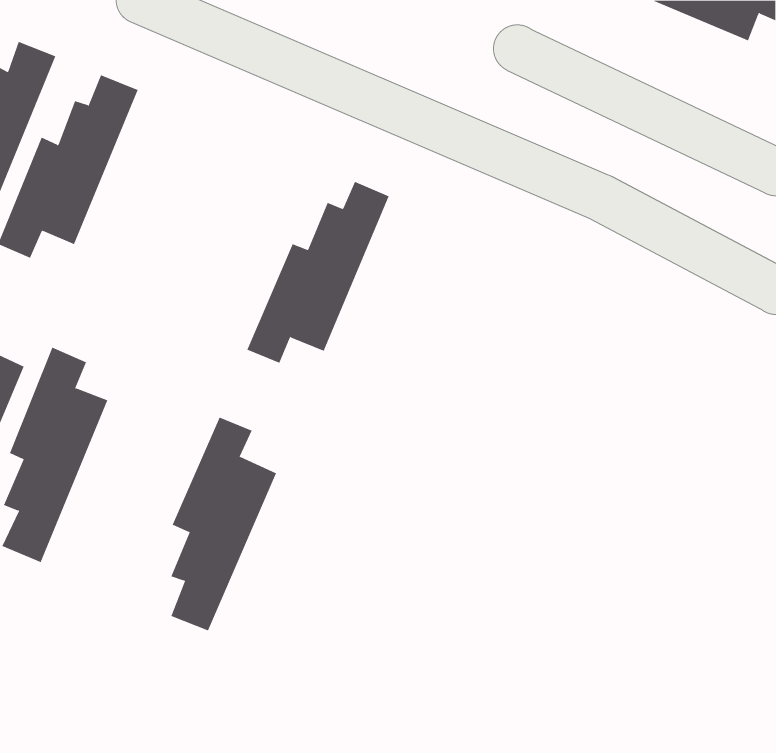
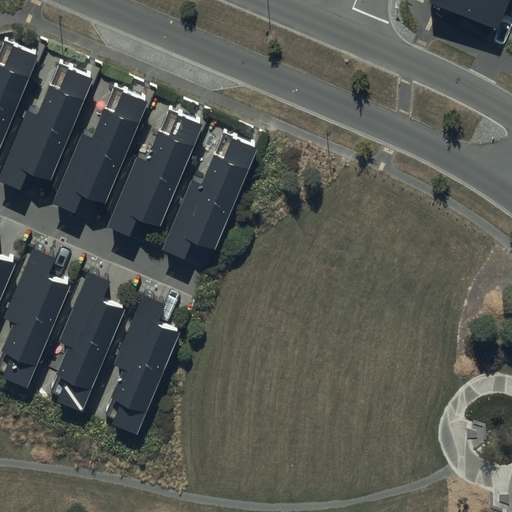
building: none -> [52,90,146,211]
building: none -> [109,112,203,233]
building: none -> [57,269,125,409]

